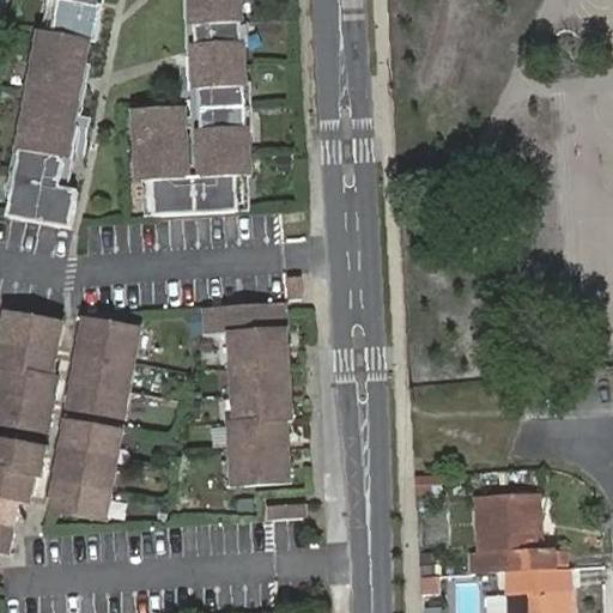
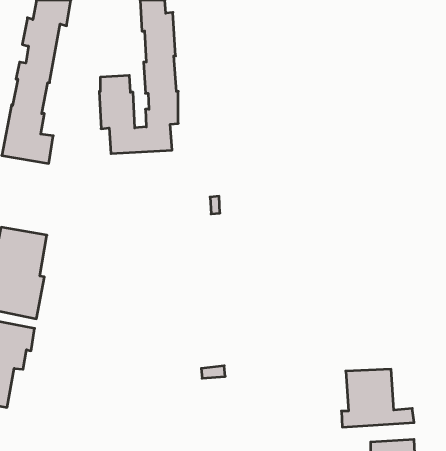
building: [200,295,291,481] -> none
building: [68,317,135,419] -> none
building: [50,420,116,521] -> none

